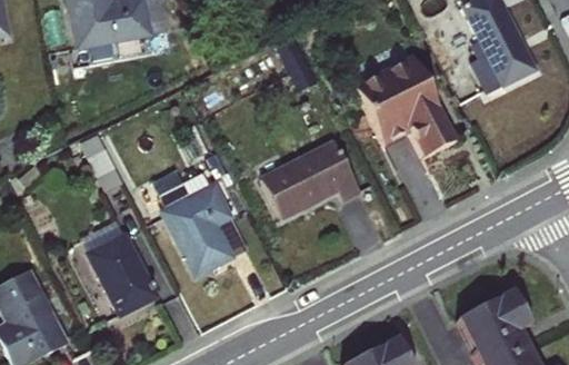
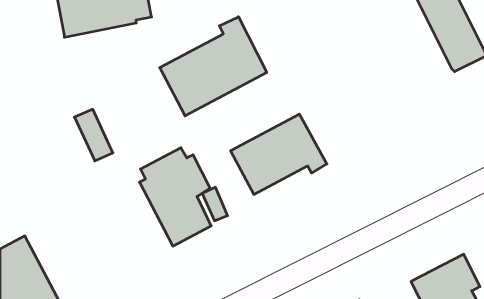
building: none -> [160,17,267,116]
building: [356,57,458,152] -> none
building: [83,230,161,318] -> none

